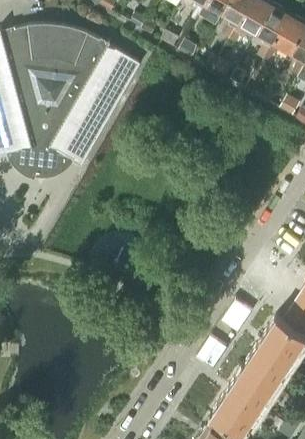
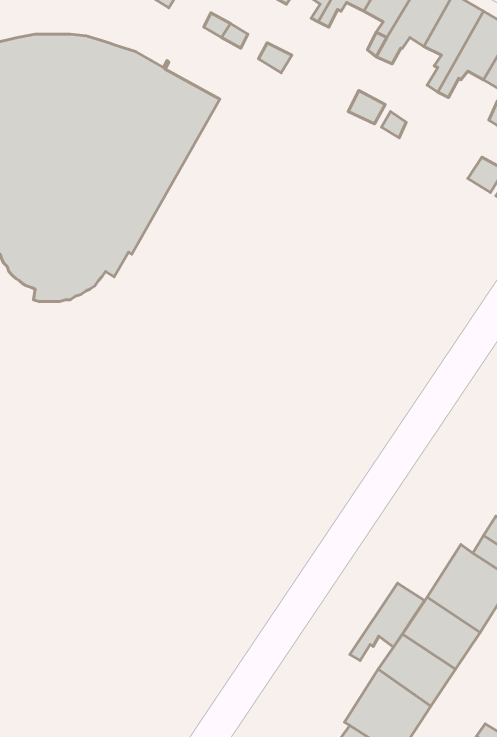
building: none -> [350,583,425,660]

